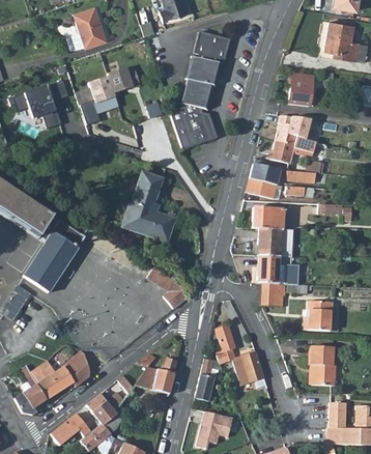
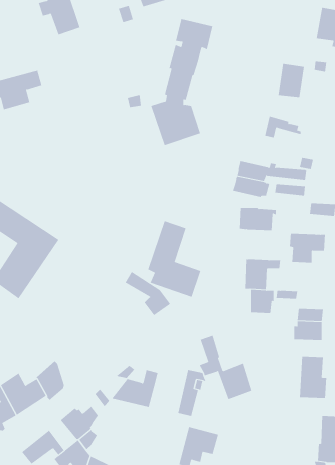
building: [82,65,142,122] -> none
building: [266,134,315,164] -> none
building: [125,171,175,243] -> [147,220,201,298]
building: [258,228,292,256] -> [289,233,326,263]

